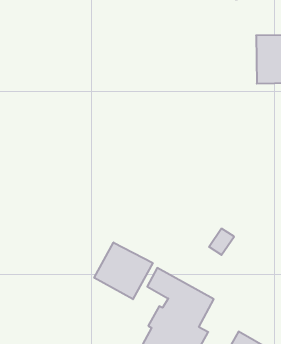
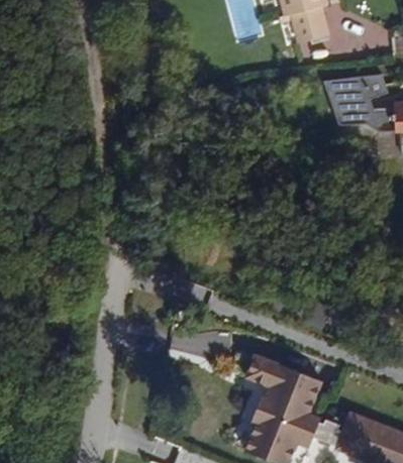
building: [94,242,153,299] -> none

